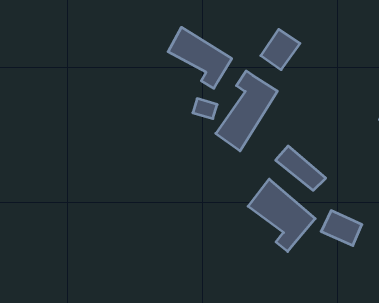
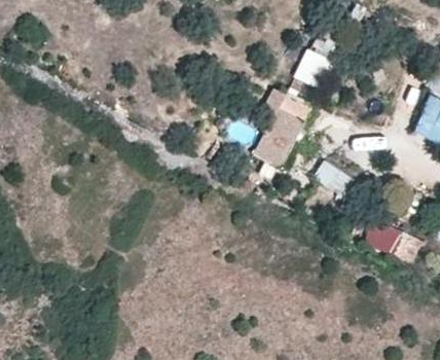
building: [168,27,232,88] -> none
building: [248,179,315,252] -> none

